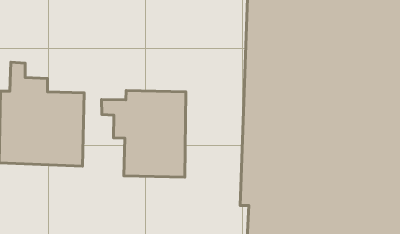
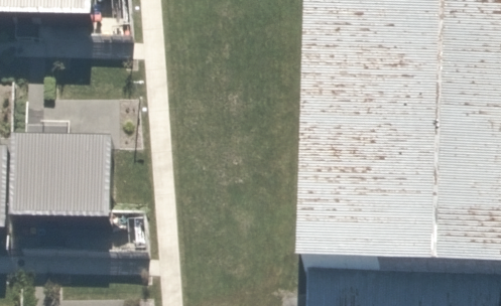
building: [102,90,186,177] -> none

